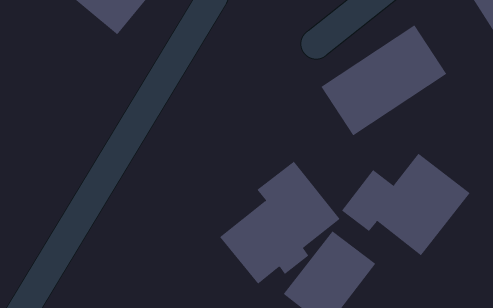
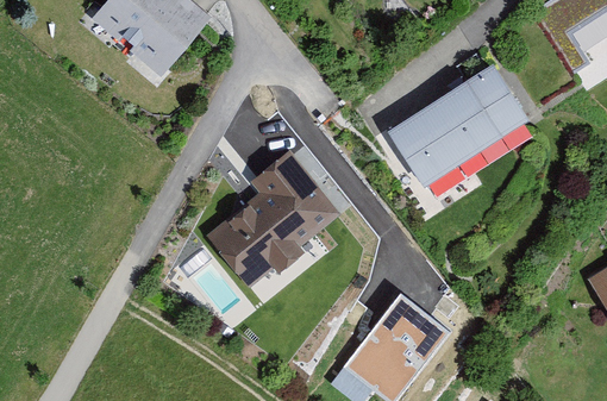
building: [341,153,470,256] -> none
building: [219,161,340,284] -> [207,149,342,286]

